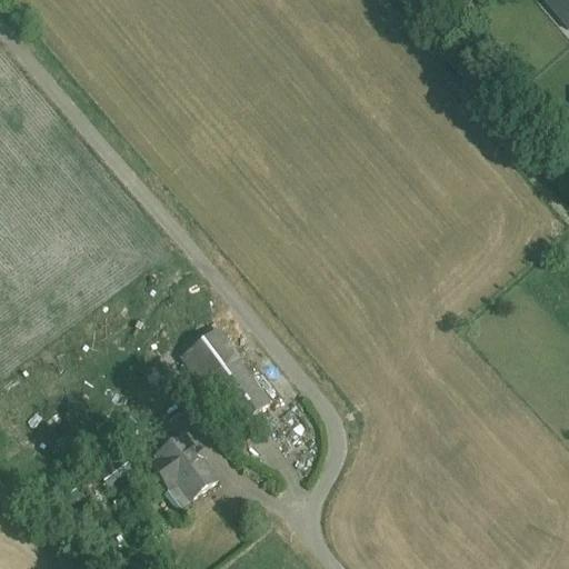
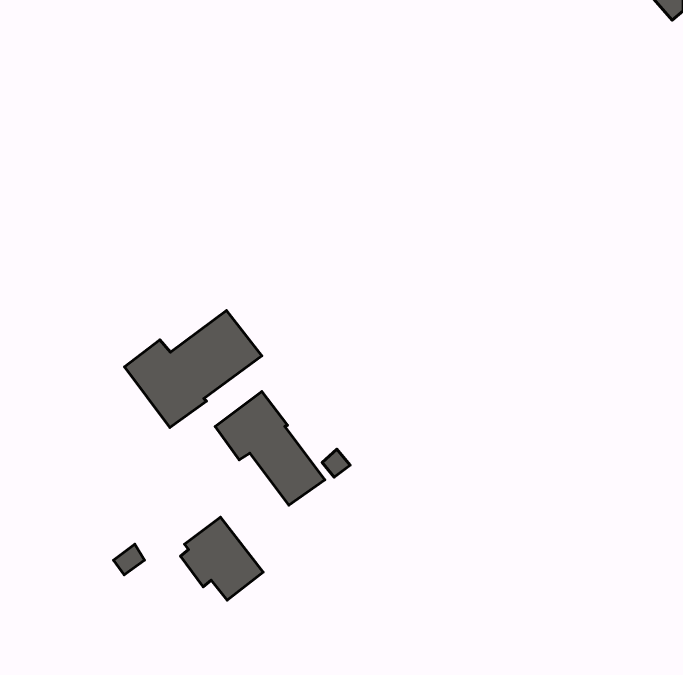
building: none -> [125,311,262,428]

